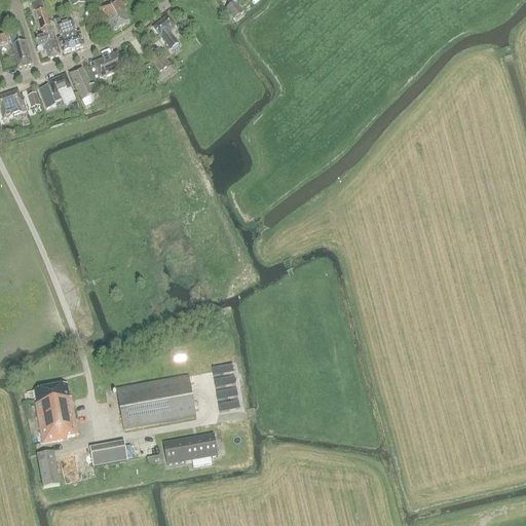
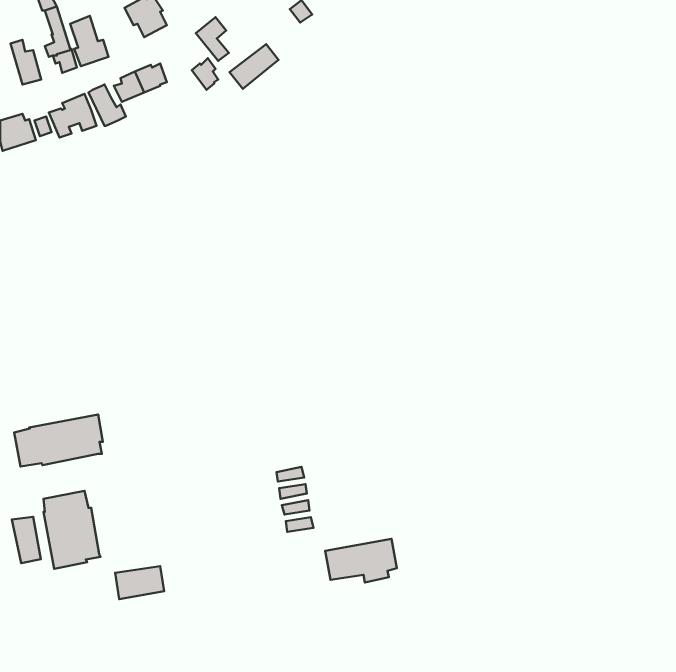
building: none -> [229,44,279,89]
building: none -> [14,414,103,466]
building: [116,374,195,428] -> none
building: [162,431,218,465] -> [325,539,397,583]
building: [36,450,59,486] -> [12,517,41,563]

